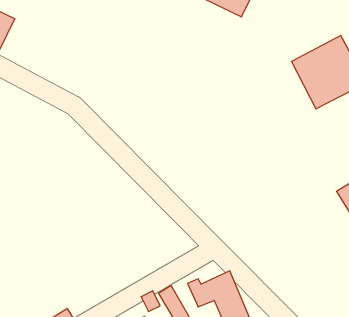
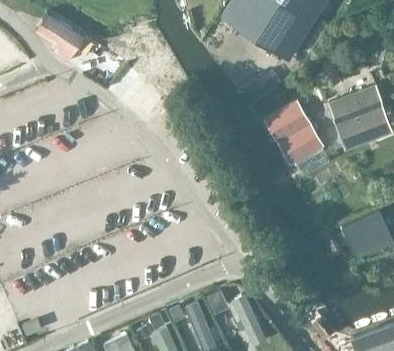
building: none -> [264,103,324,168]

